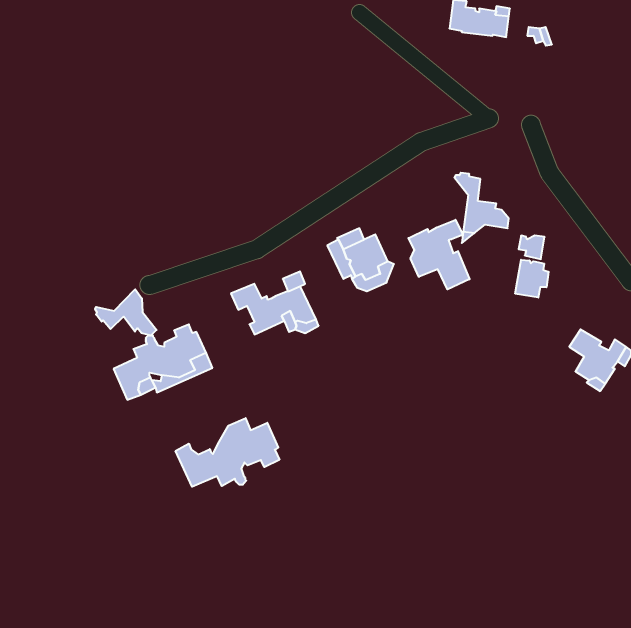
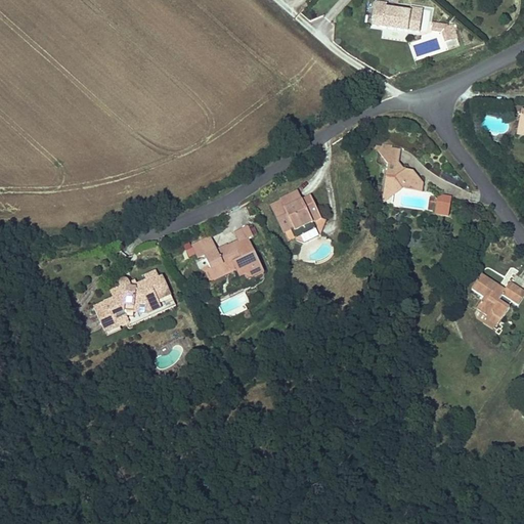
building: [408,220,470,289] -> none
building: [515,260,549,298] -> none
building: [95,289,157,336] -> none
building: [176,418,279,487] -> none

